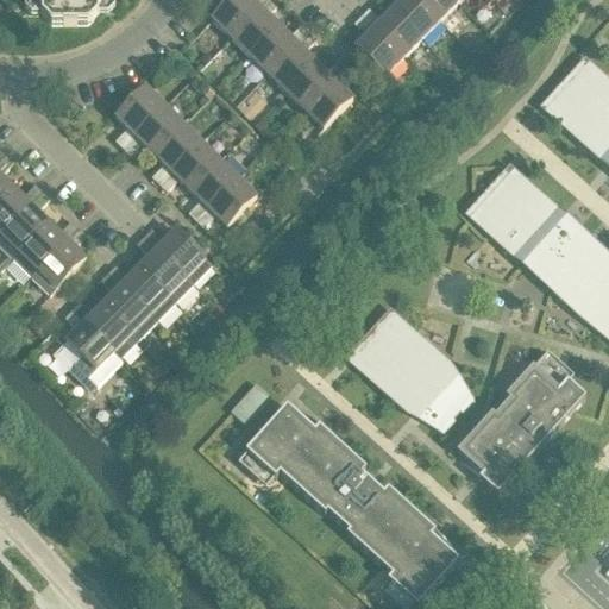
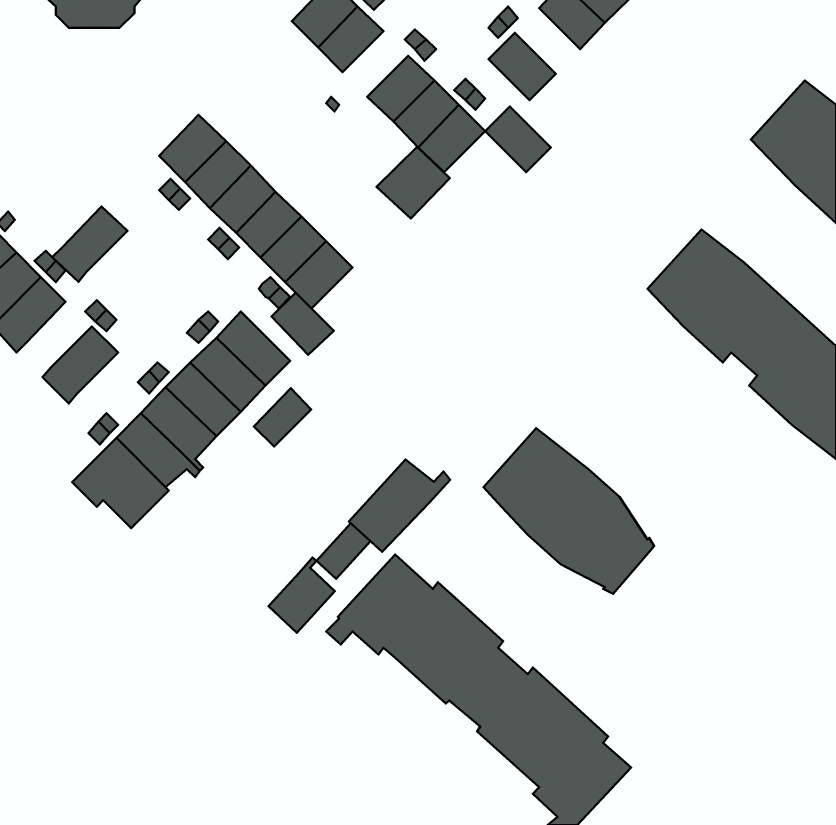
building: [373,6,421,54] -> [485,107,551,172]
building: [249,23,296,70] -> none
building: none -> [376,147,450,219]
building: none -> [272,293,334,355]
building: [12,219,67,274] -> [52,206,128,282]
building: none -> [254,388,311,446]
building: none -> [349,460,450,552]
building: [458,349,585,491] -> none
building: none -> [269,558,335,633]

